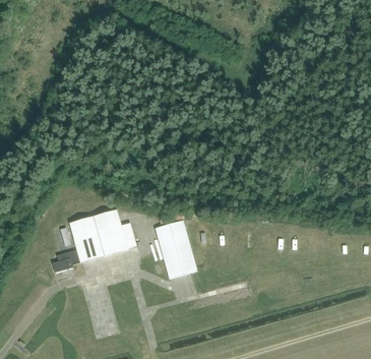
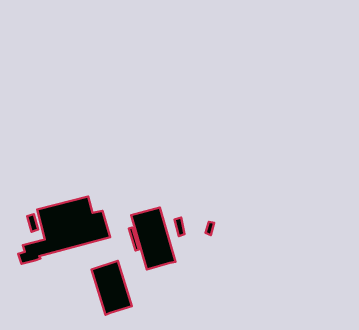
building: none -> [91,261,132,315]

